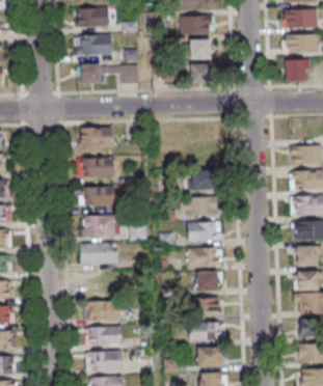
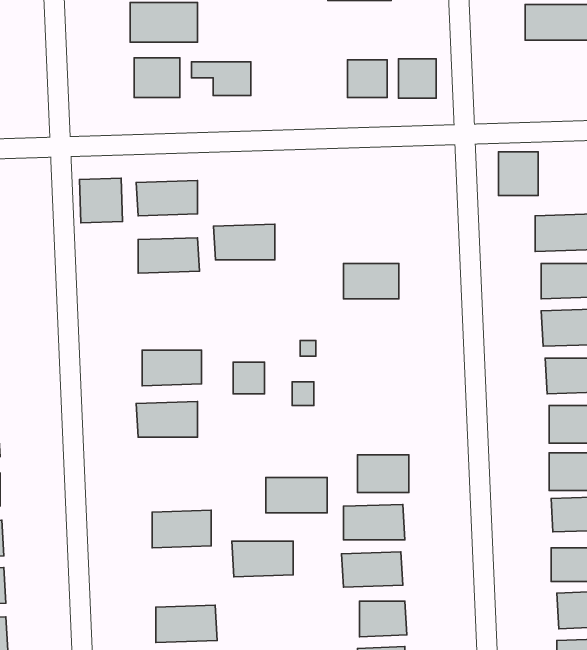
building: [192,39,212,60] -> [398,59,436,98]
building: [286,60,306,83] -> [499,152,538,195]
building: none -> [80,178,123,223]
building: [82,186,114,204] -> [213,224,275,260]
building: [184,197,220,215] -> none
building: [189,222,220,241] -> none
building: [189,247,221,266] -> [266,477,327,513]
building: [88,327,120,346] -> [232,541,293,577]

